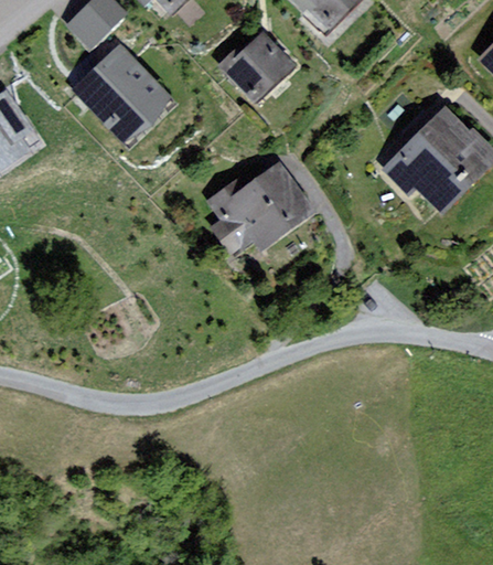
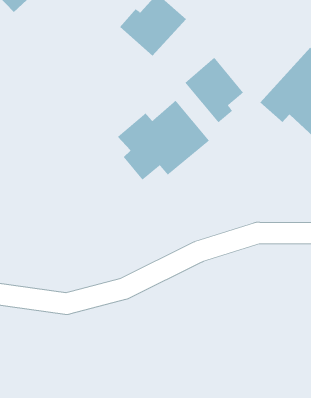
building: [86,47,161,130] -> none
building: none -> [185,57,244,123]

